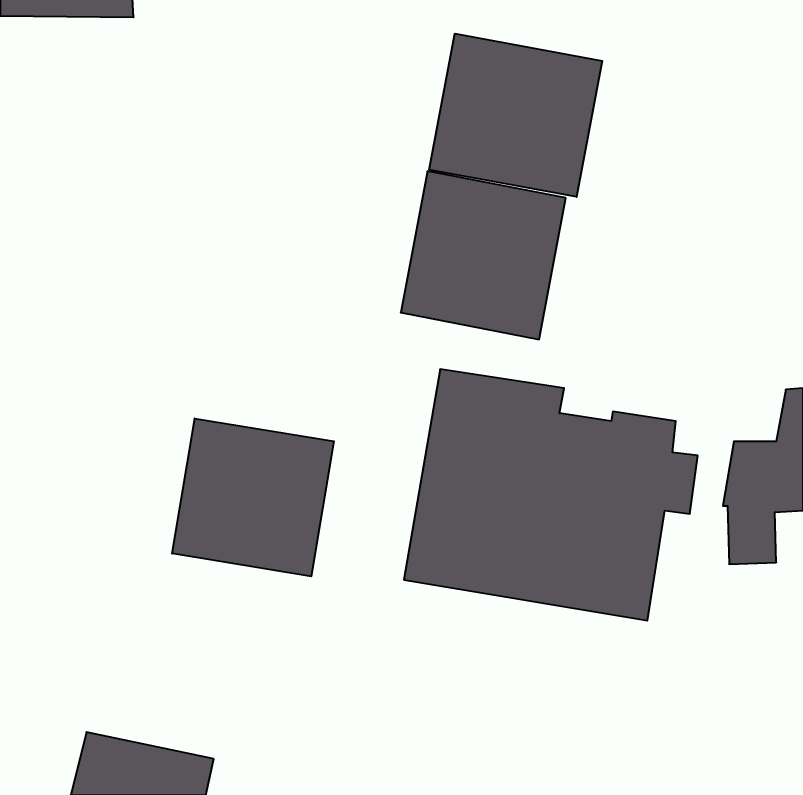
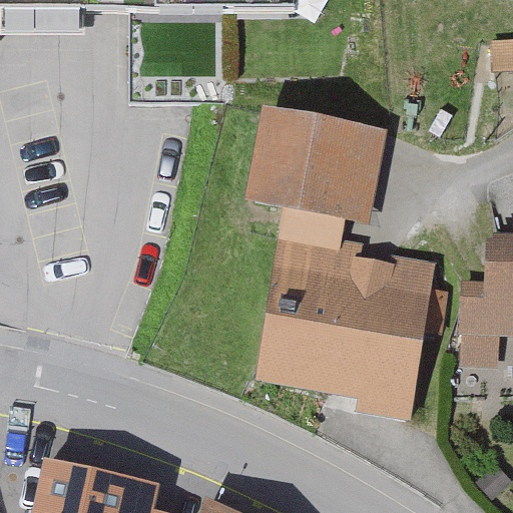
building: [429,34,602,197] -> none
building: [172,418,334,576] -> none

